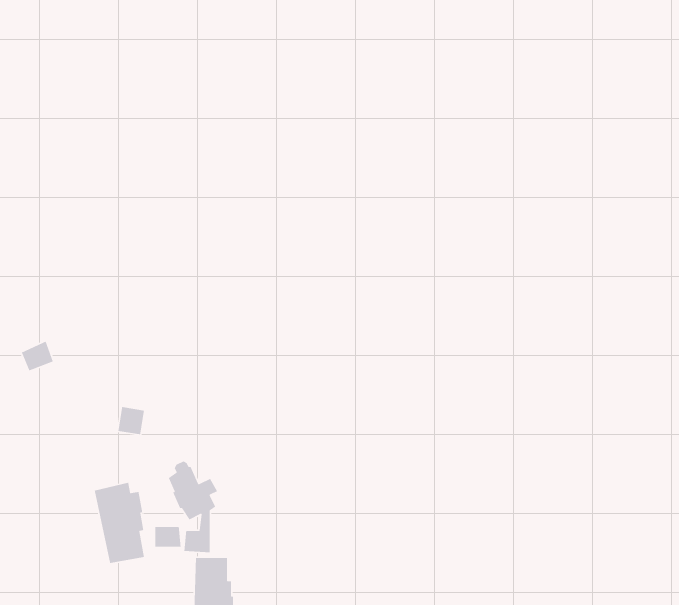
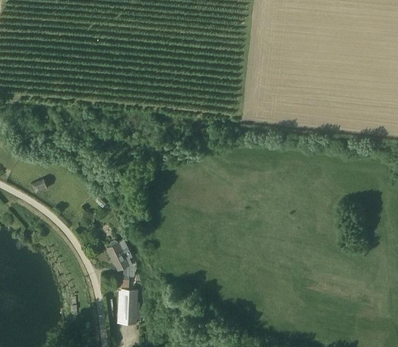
building: [94,482,145,564] -> none

